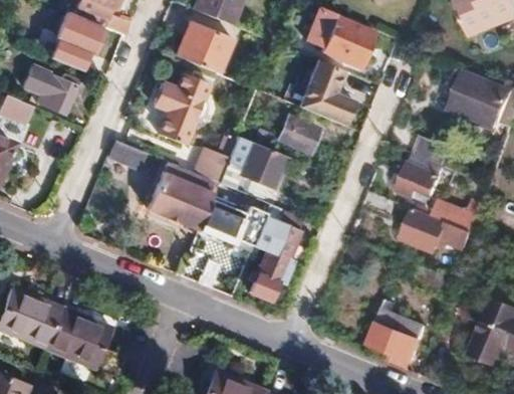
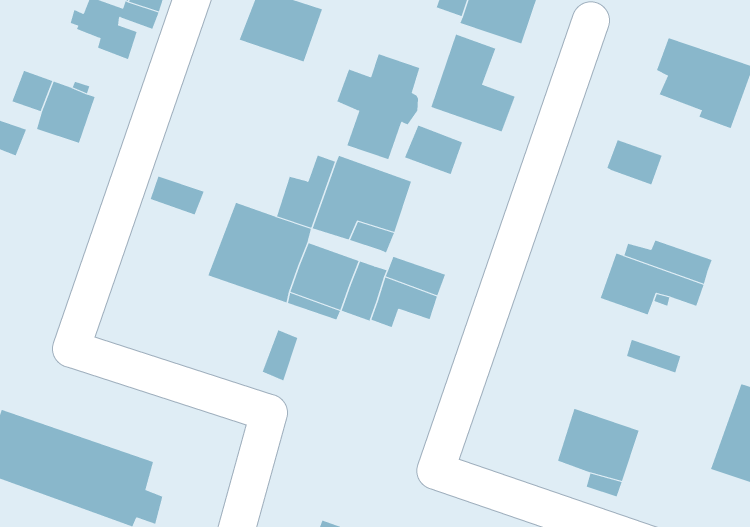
building: [154,72,210,143] -> [337,53,420,160]
building: [399,154,445,197] -> none
building: [248,237,291,299] -> none

